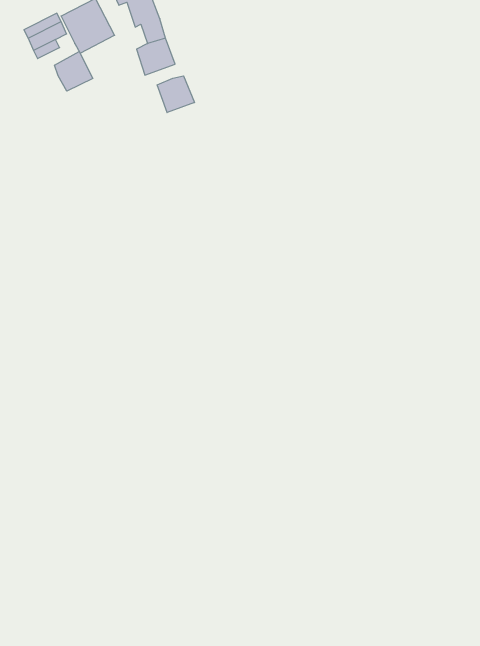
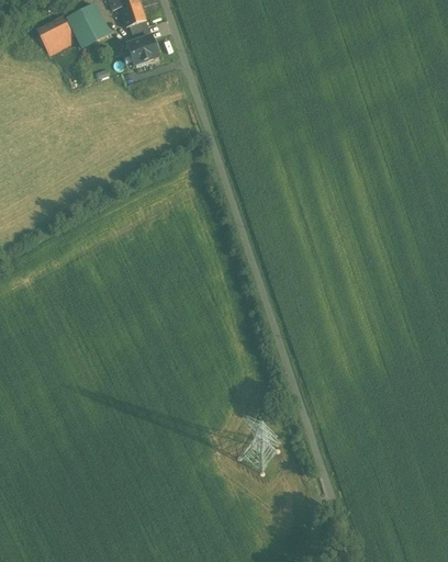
building: [55,52,93,91] -> none
building: [157,76,194,113] -> none

